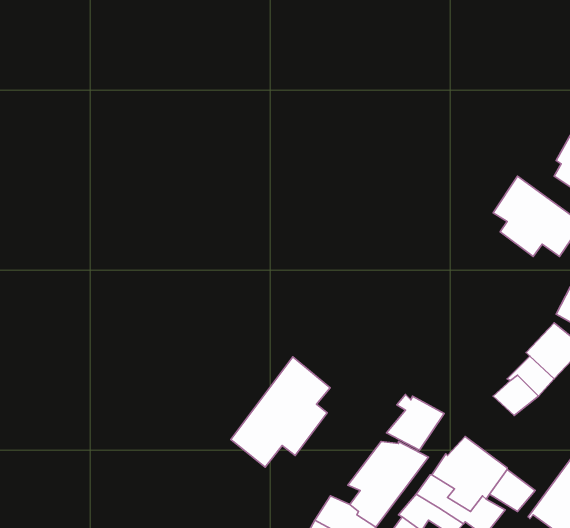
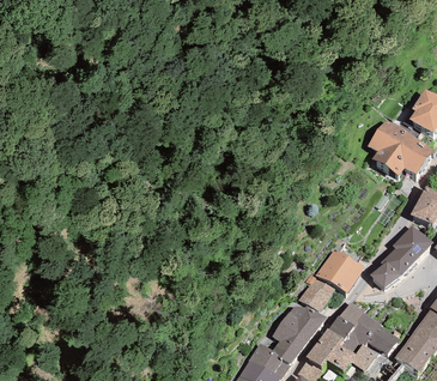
building: [231,357,330,467] -> none
building: none -> [316,249,365,292]

